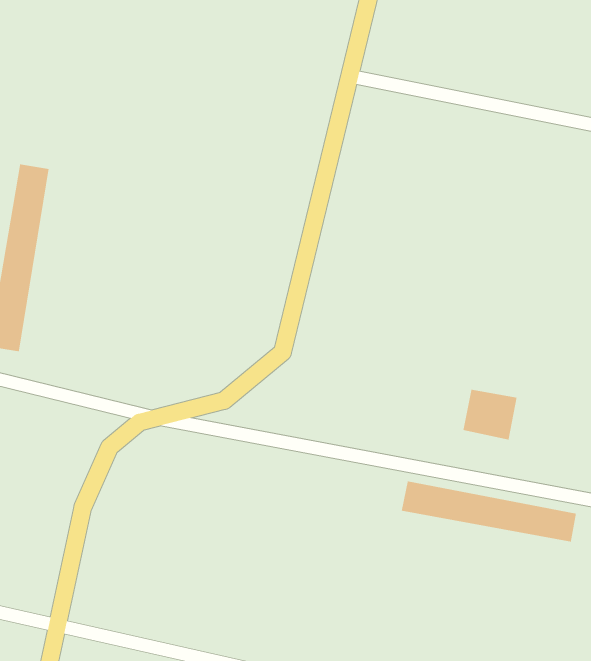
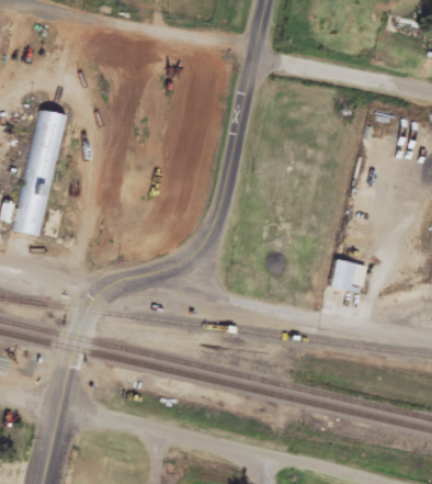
building: [401,481,577,542] -> none

